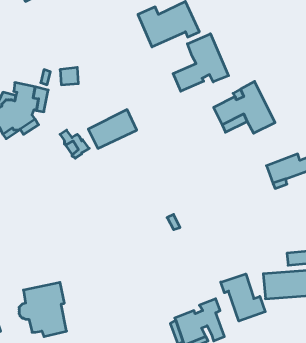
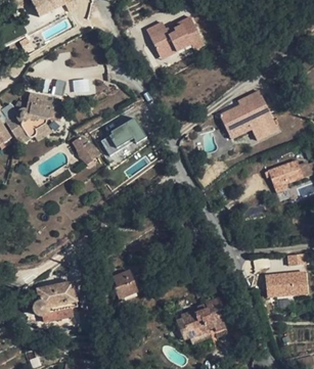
building: [173,34,229,91] -> none
building: none -> [114,270,138,298]
building: [221,274,265,321] -> none

